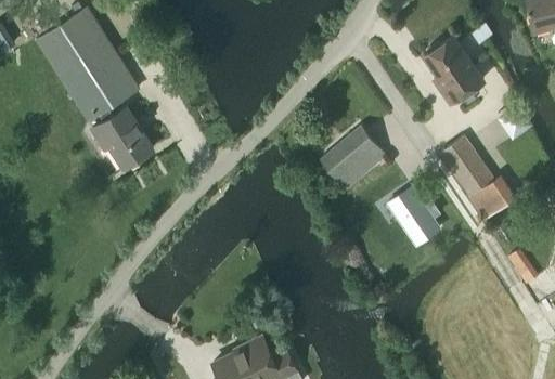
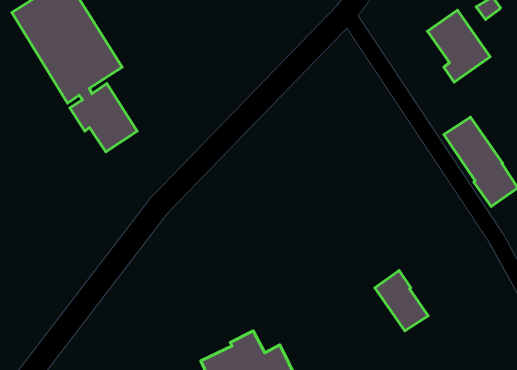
building: [320,127,387,191] -> none
building: [386,188,436,245] -> [375,270,428,331]

